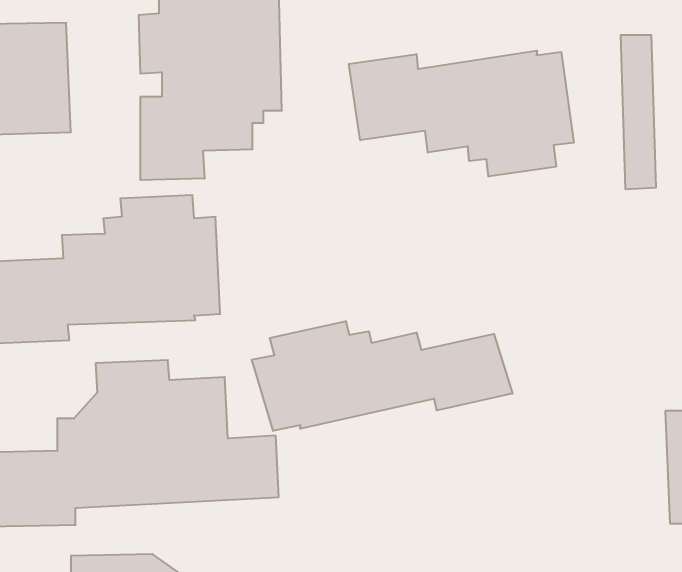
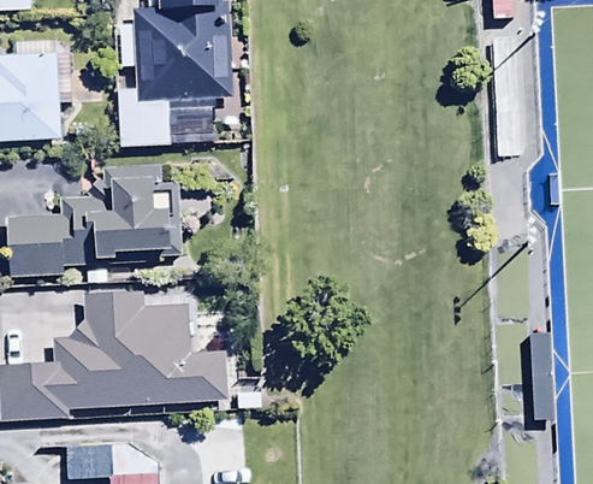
building: [349,51,574,177] -> none
building: [252,321,513,431] -> none

